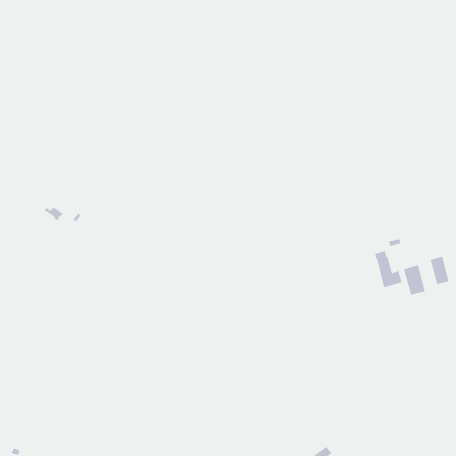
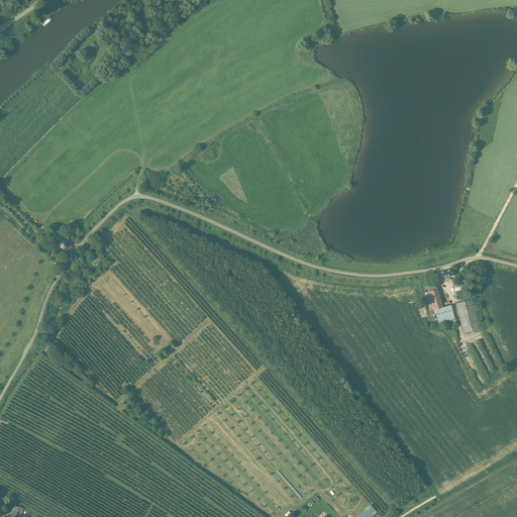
building: [430,256,449,285] -> none

